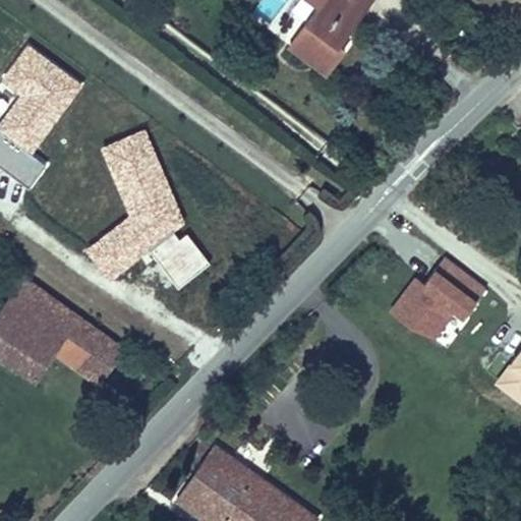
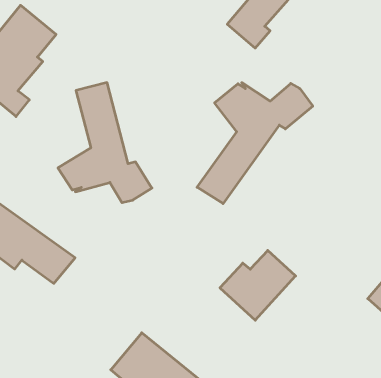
building: none -> [197,83,313,204]
building: [391,255,485,345] -> [220,250,296,320]

